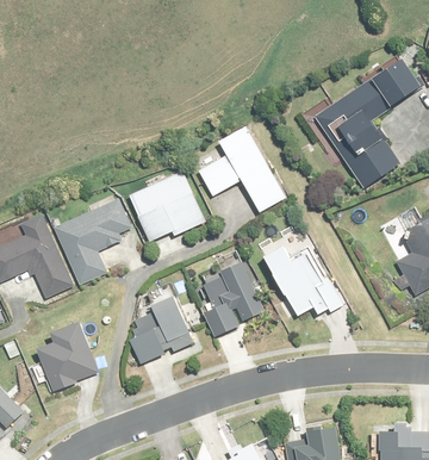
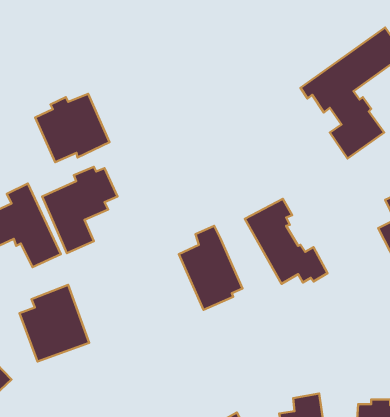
building: [198,126,284,212] -> none
building: [130,172,205,241] -> [35,94,109,162]
building: [130,298,193,366] -> none

